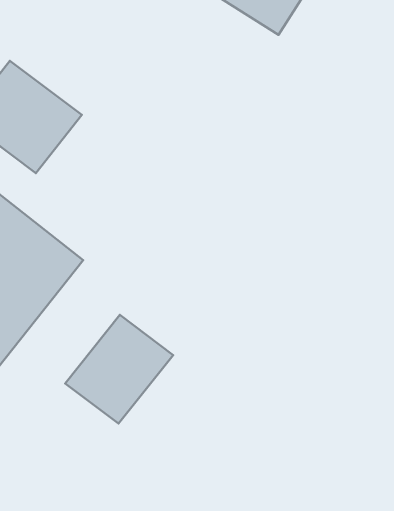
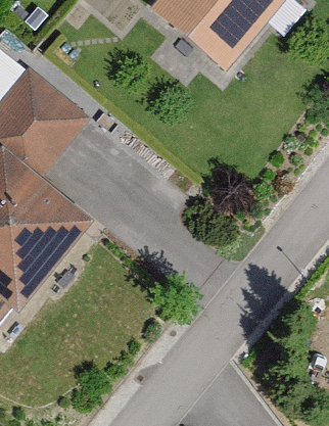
building: [65,315,173,424] -> none

